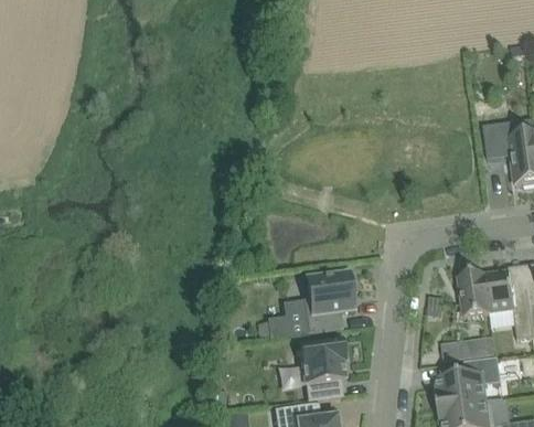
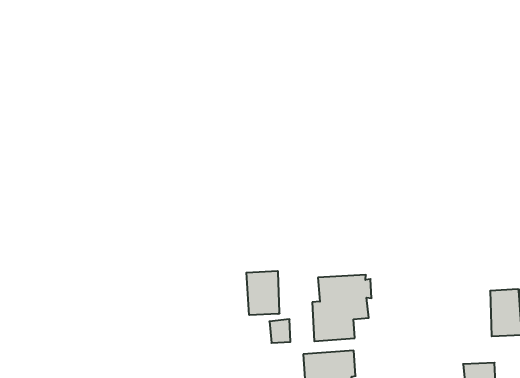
building: none -> [246,271,279,315]

